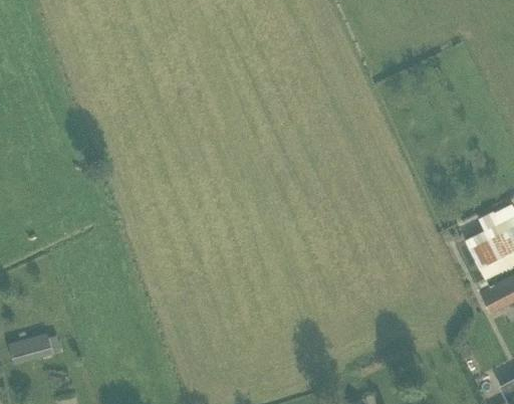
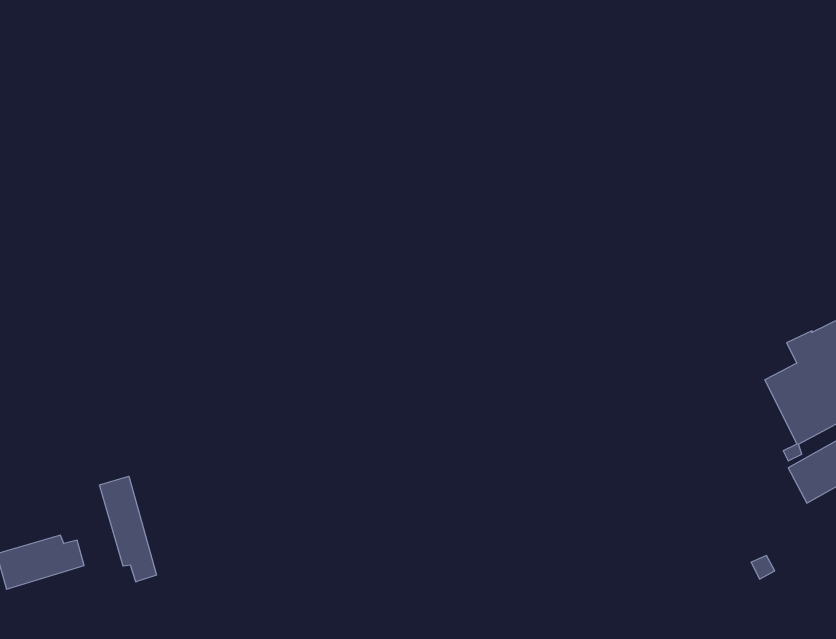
building: none -> [100,476,157,582]

